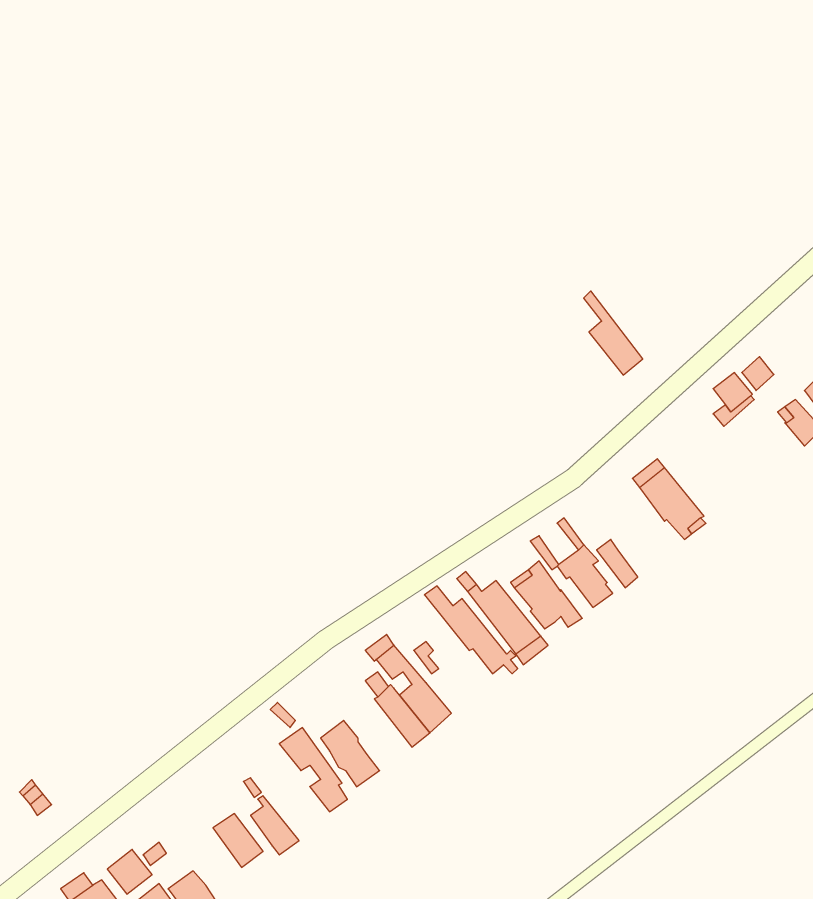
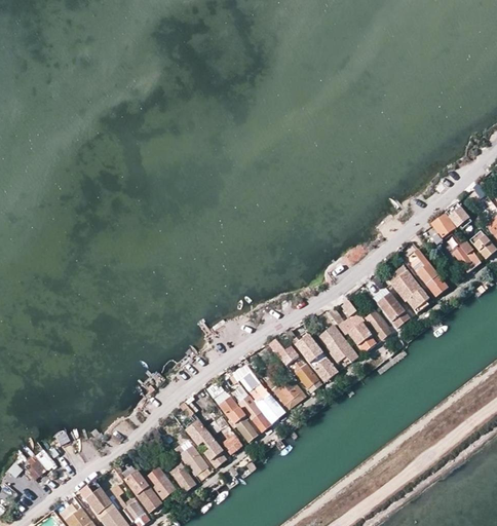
building: [584,291,643,375] -> [414,249,448,297]
building: none -> [452,242,480,272]
building: none -> [379,295,410,329]
building: none -> [277,380,305,408]
building: none -> [220,396,257,441]
building: none -> [173,444,207,476]
building: none -> [124,471,161,512]

